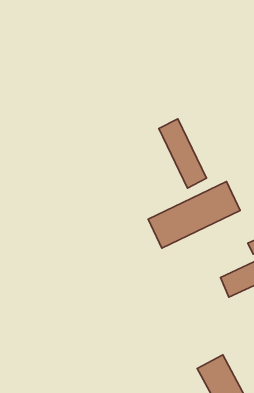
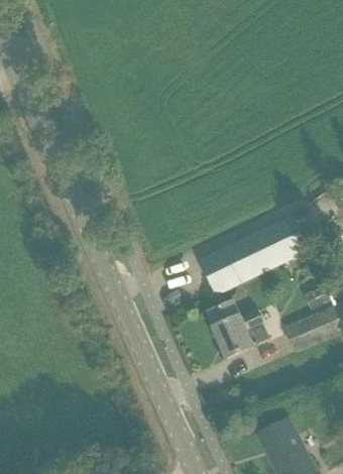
building: [159,119,207,188] -> none
building: none -> [207,301,268,359]

